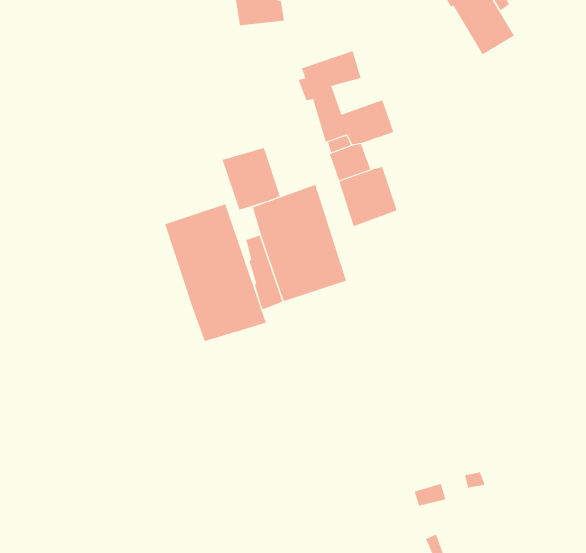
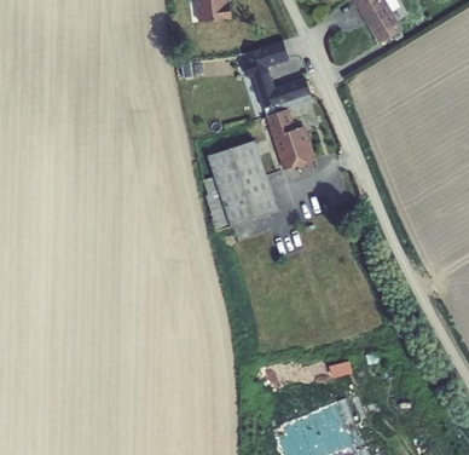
building: [222,147,280,210] -> none
building: [165,203,266,342] -> none

